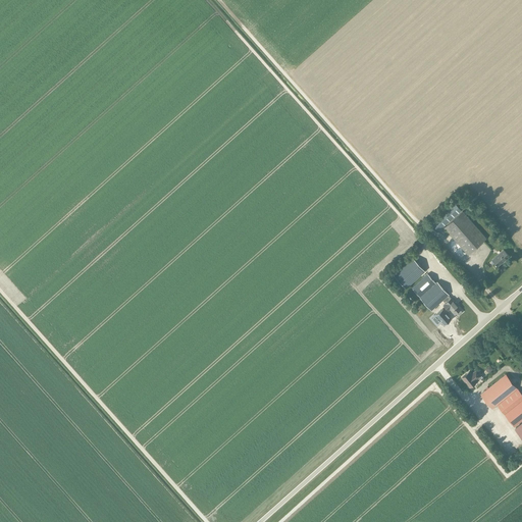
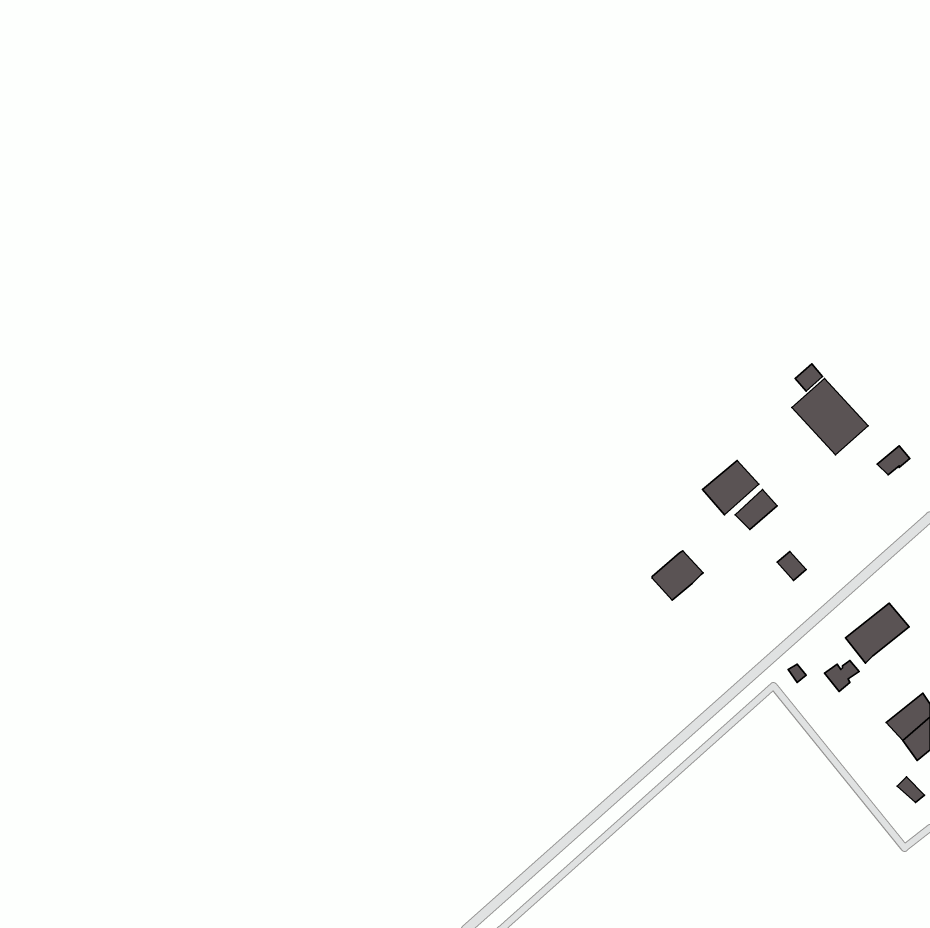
building: [420,283,449,311] -> [652,551,703,600]
building: [481,376,517,410] -> [846,603,909,663]

